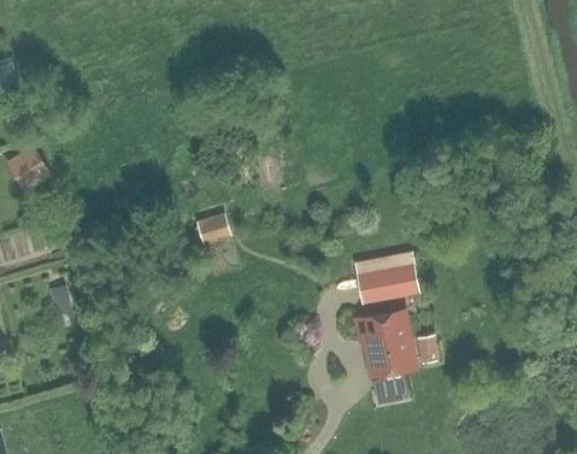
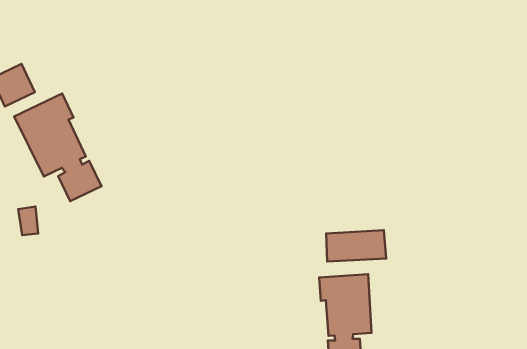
building: none -> [14,93,101,201]
building: [195,213,231,244] -> none

